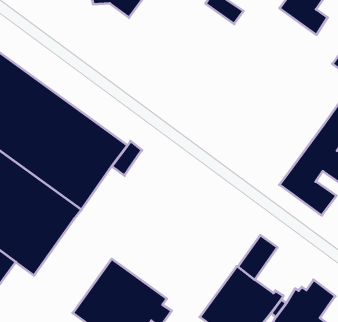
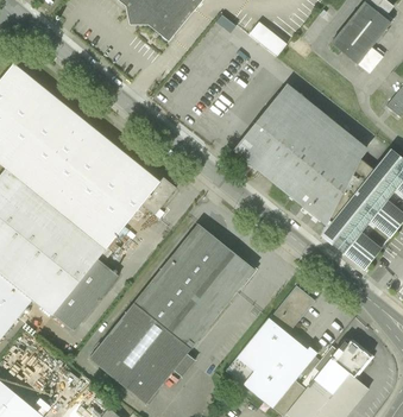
building: none -> [232,82,371,225]
building: none -> [134,223,256,348]
building: none -> [50,257,117,330]

